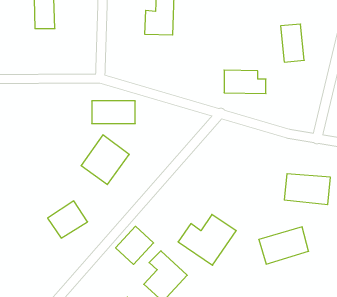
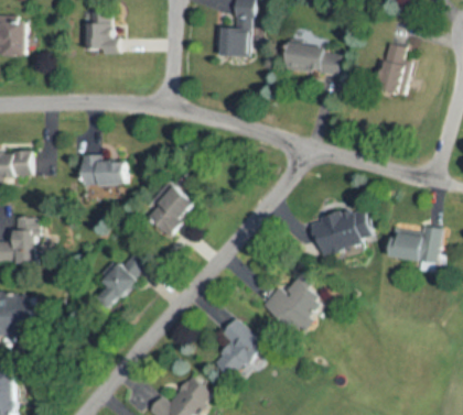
building: [224,70,266,94] -> [287,44,337,73]
building: [92,101,135,124] -> [75,157,128,185]
building: [116,226,154,264] -> none
building: [259,227,309,264] -> [310,206,370,251]

